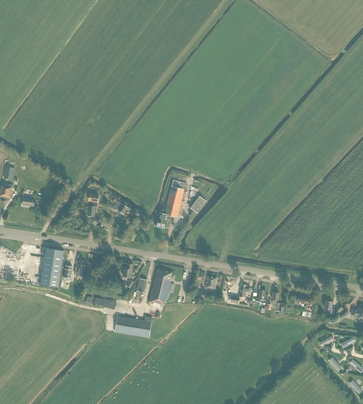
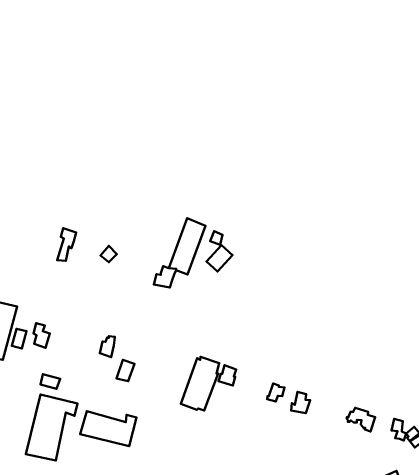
building: [149,268,172,304] -> [181,357,219,411]
building: none -> [26,395,77,460]

